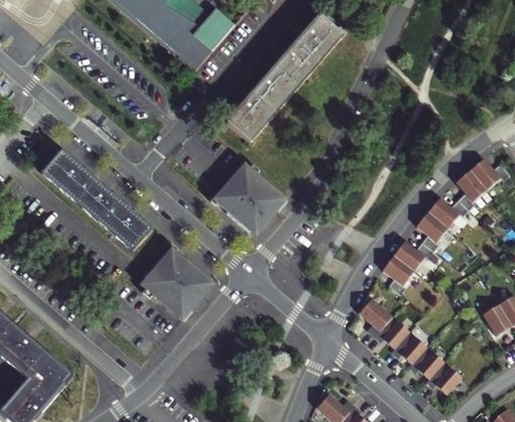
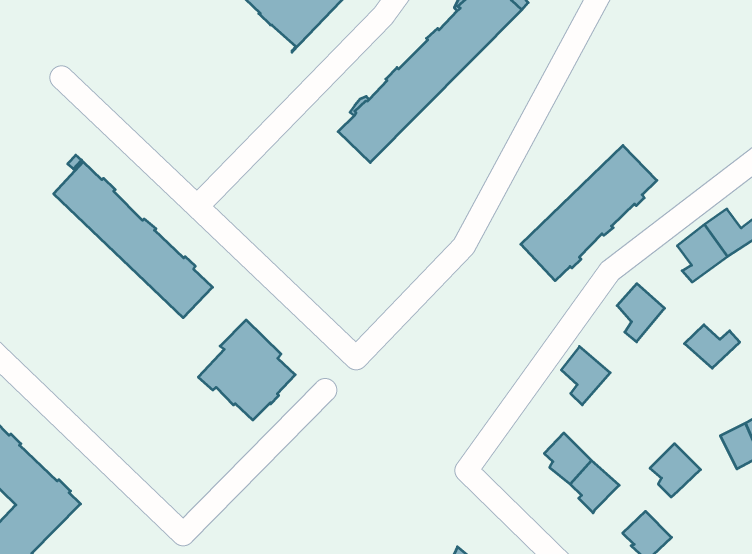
building: none -> [521,145,657,281]
building: [214,165,280,230] -> none
building: [428,197,465,226] -> [684,325,740,368]
building: [393,241,430,270] -> none
building: [355,296,386,327] -> none
building: [409,343,442,379] -> [650,444,701,497]

